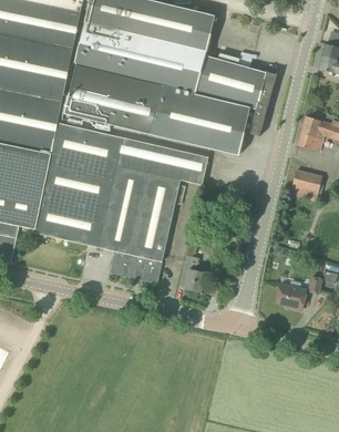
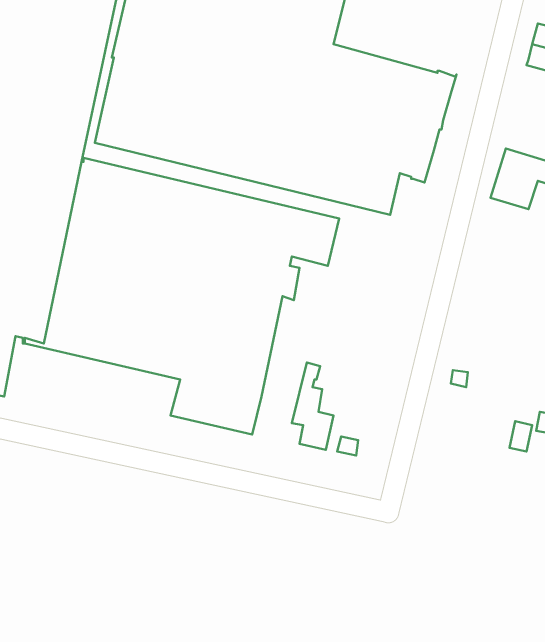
building: [290,169,322,199] -> none
building: [276,282,306,309] -> none

